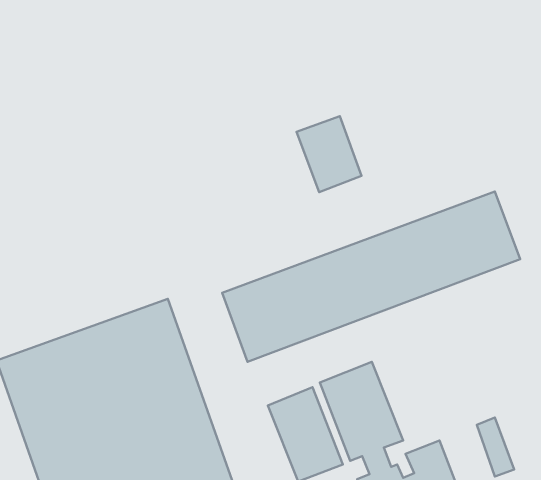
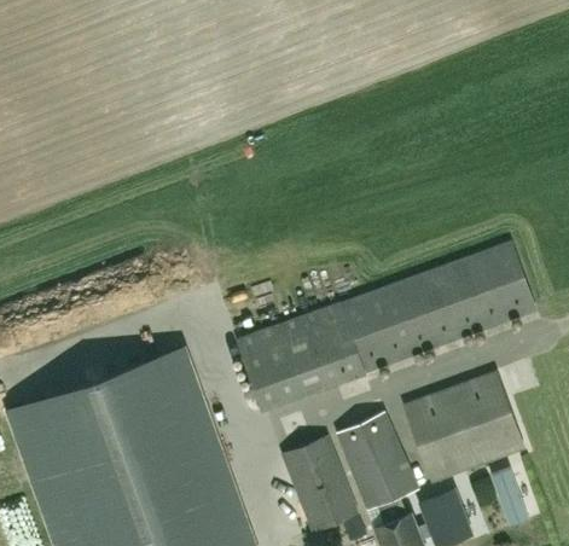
building: [297,116,362,192] -> none
building: none -> [401,370,526,483]

